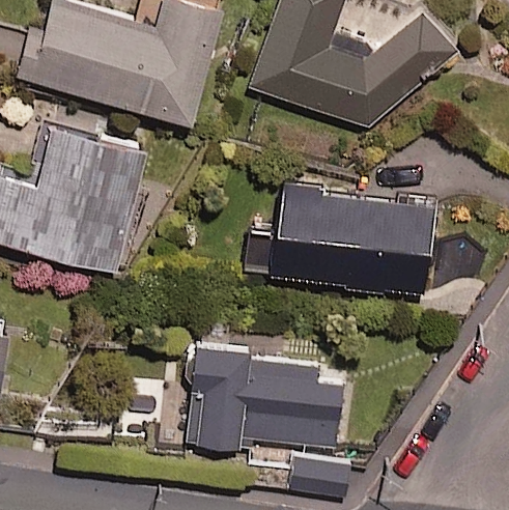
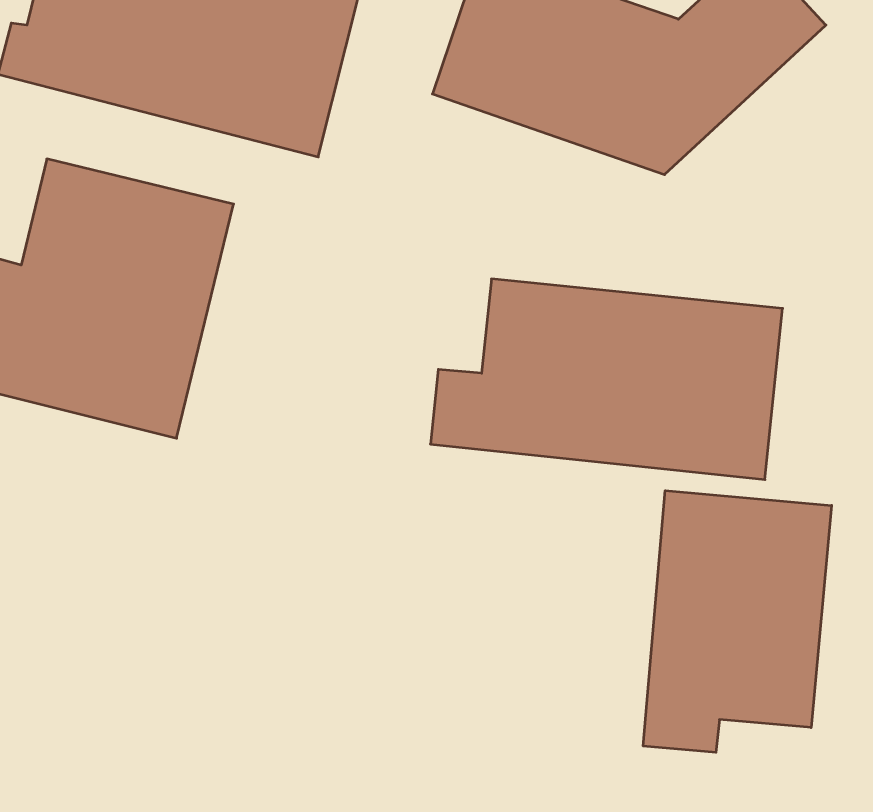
building: none -> [643,491,832,752]
building: [187,348,343,451] -> none

